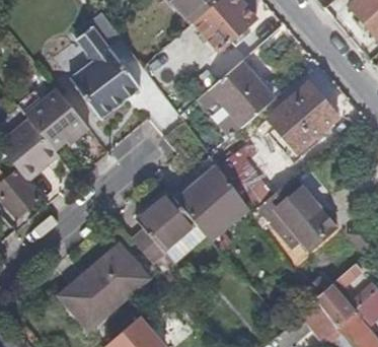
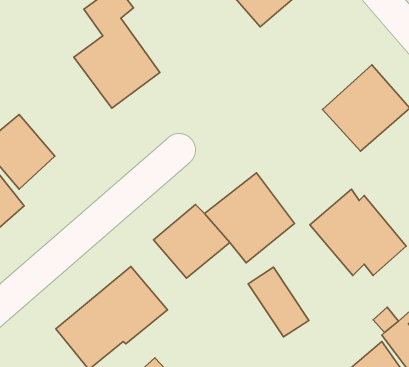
building: [209,59,278,128] -> none
building: [24,90,87,150] -> none
building: [222,148,271,204] -> [248,267,309,337]

